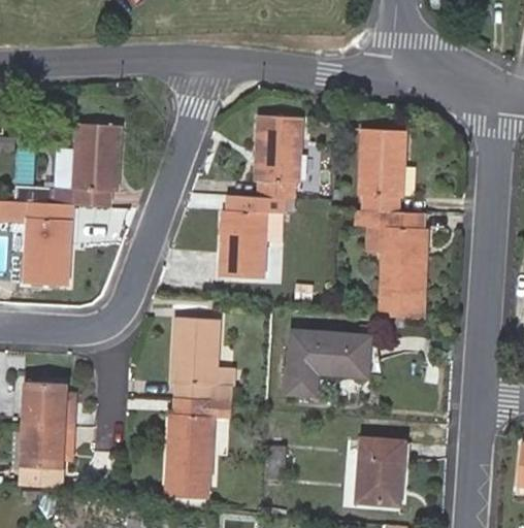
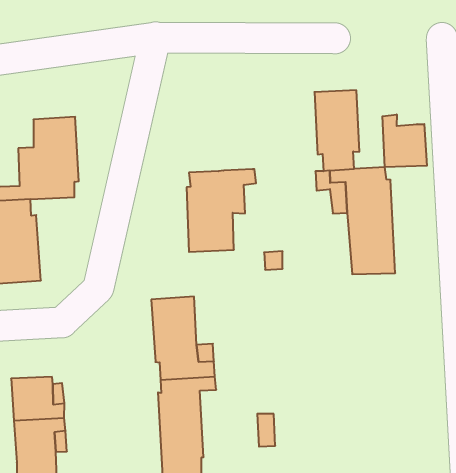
building: [254,116,301,199] -> none
building: none -> [382,114,427,167]
building: [287,328,370,395] -> none
building: [356,436,403,504] -> none

